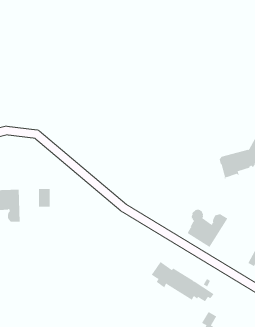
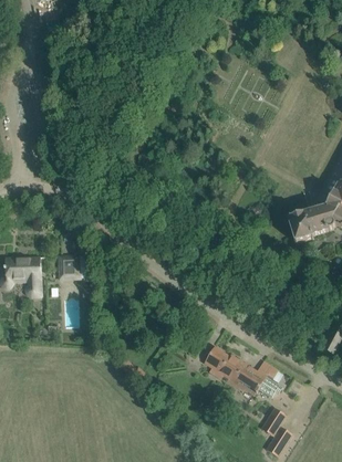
building: [187,209,228,248] -> none

